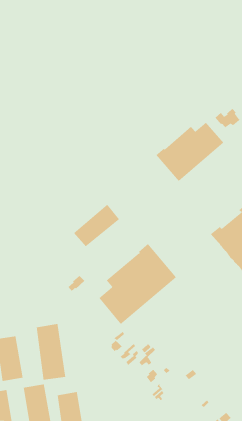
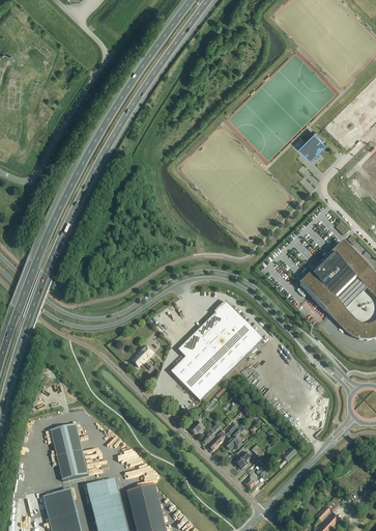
building: [156,122,224,182] -> none
building: [73,204,120,247] -> none
building: [36,323,66,381] -> none

